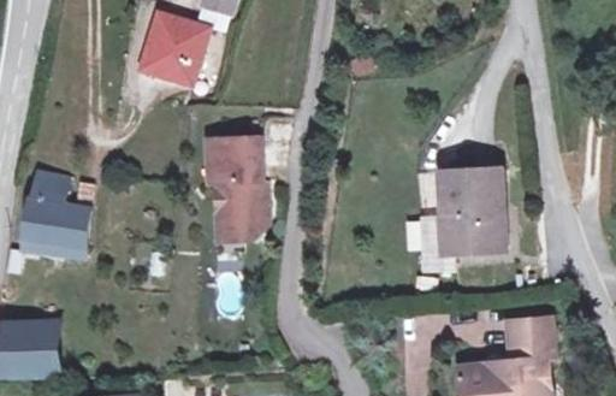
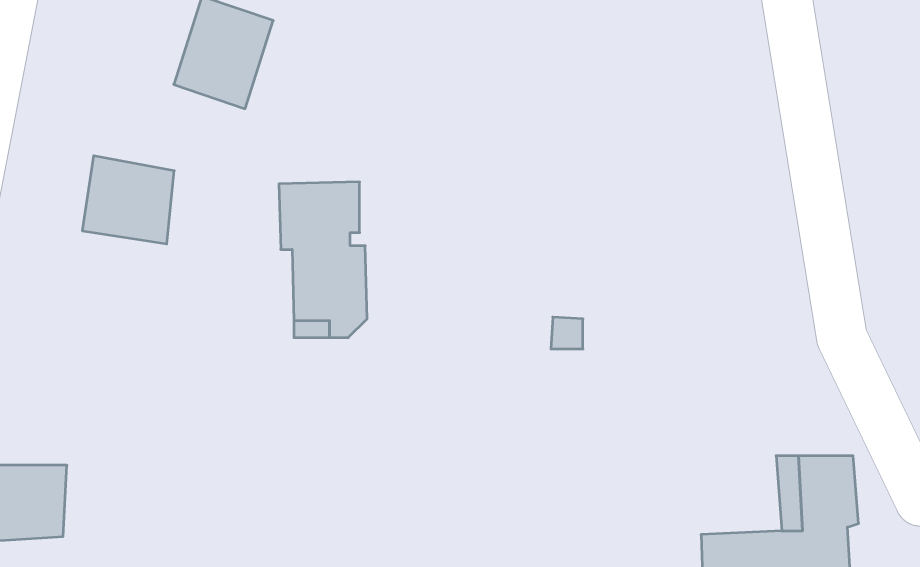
building: [437,162,498,248] -> none
building: [31,188,90,244] -> [82,156,174,244]

